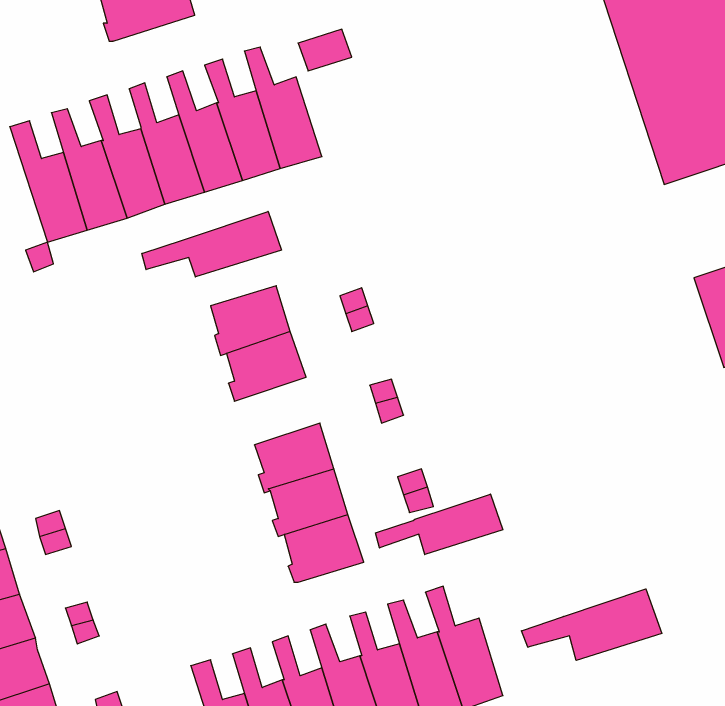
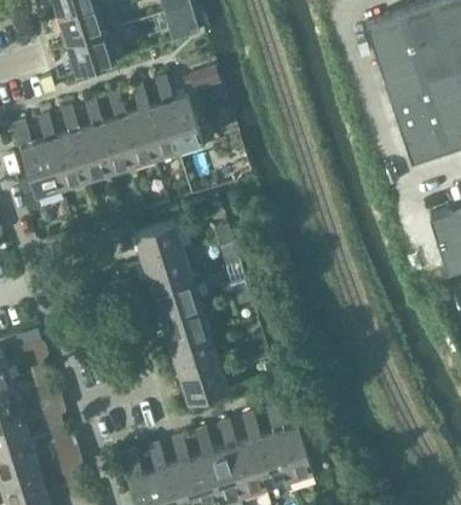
building: [142,211,281,277] -> none
building: none -> [154,280,202,322]
building: [376,494,503,555] -> none
building: [521,589,662,660] -> none

